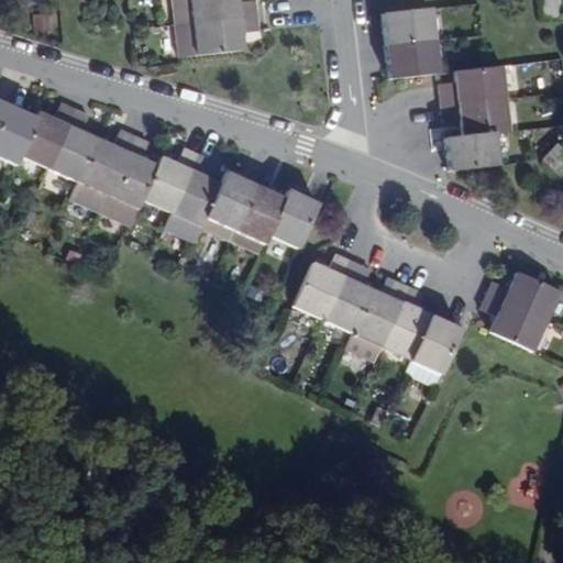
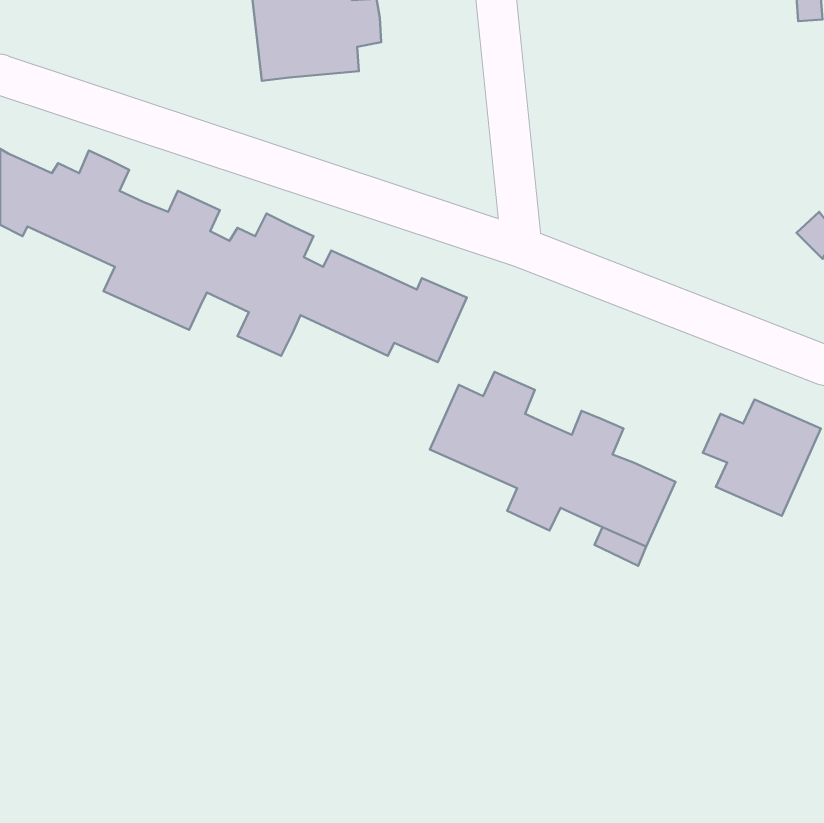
building: [384,8,440,77] -> none
building: [441,65,510,169] -> none

